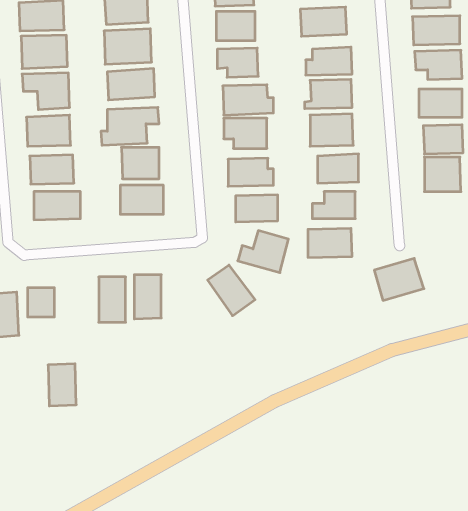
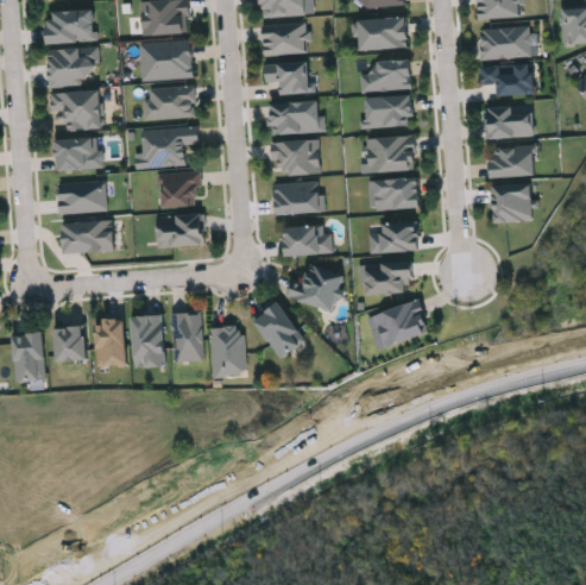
building: [374,258,424,300] -> [374,300,429,346]
building: none -> [210,325,246,377]
building: [48,364,76,406] -> [96,322,127,369]

